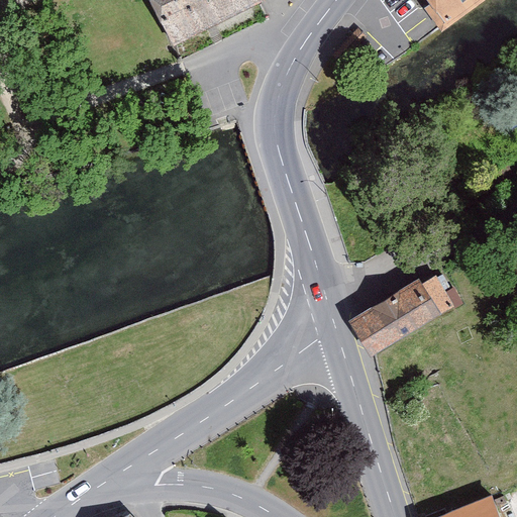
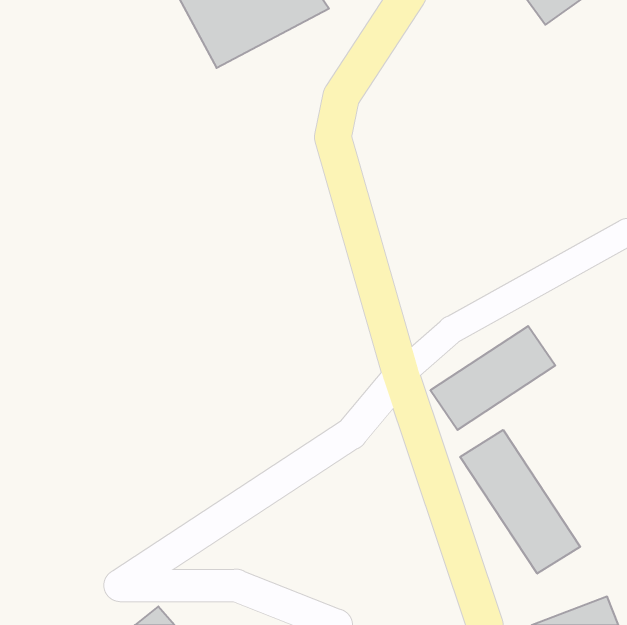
building: none -> [460,430,580,574]

